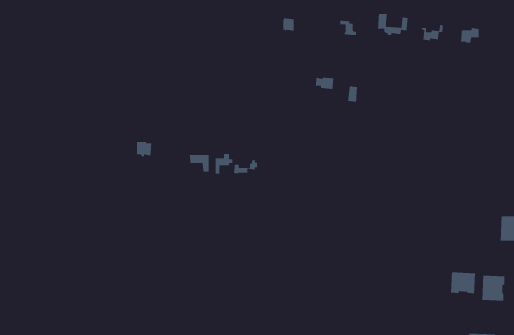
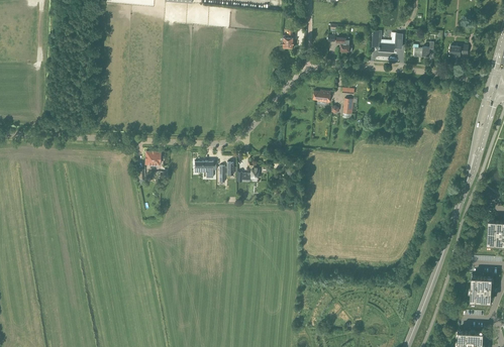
building: [450,272,476,294] -> none

